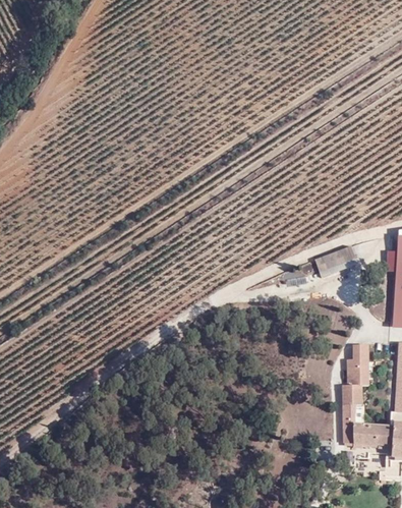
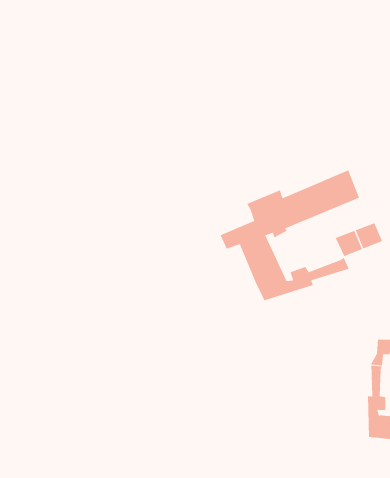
building: none -> [220,170,360,301]

